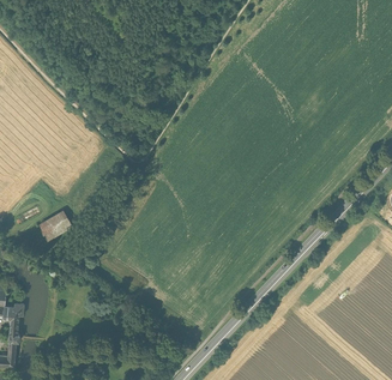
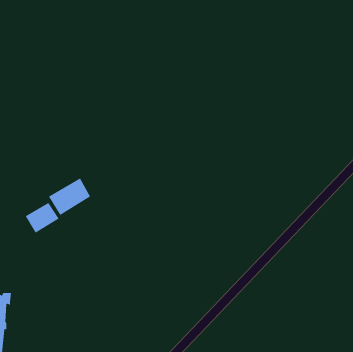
building: none -> [48,177,91,216]

